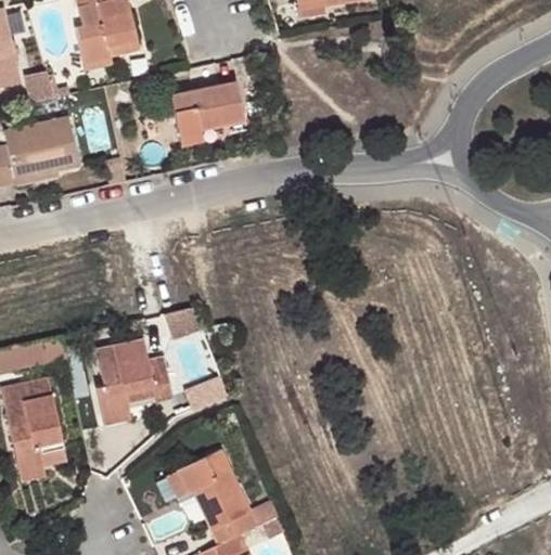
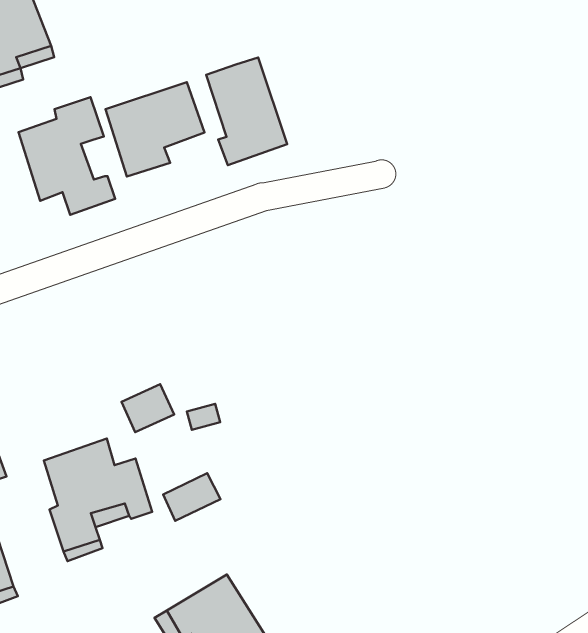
building: none -> [206,57,287,165]
building: none -> [18,97,115,215]

